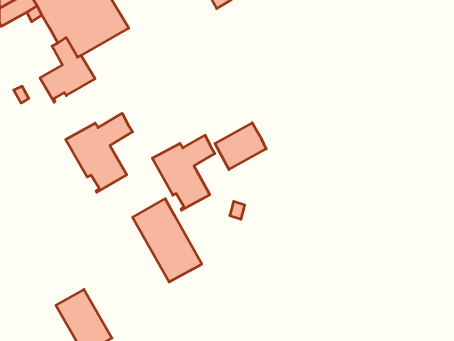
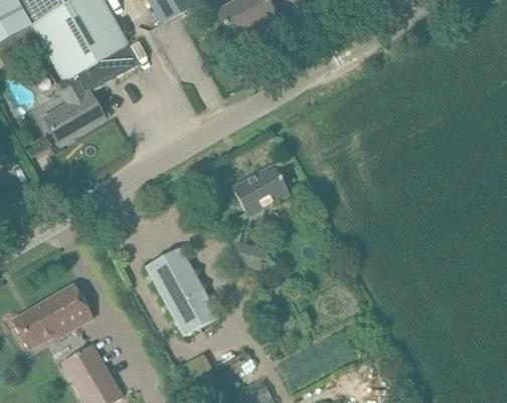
building: [66,113,133,192] -> none
building: [152,135,215,210] -> none
building: none -> [11,282,94,349]

